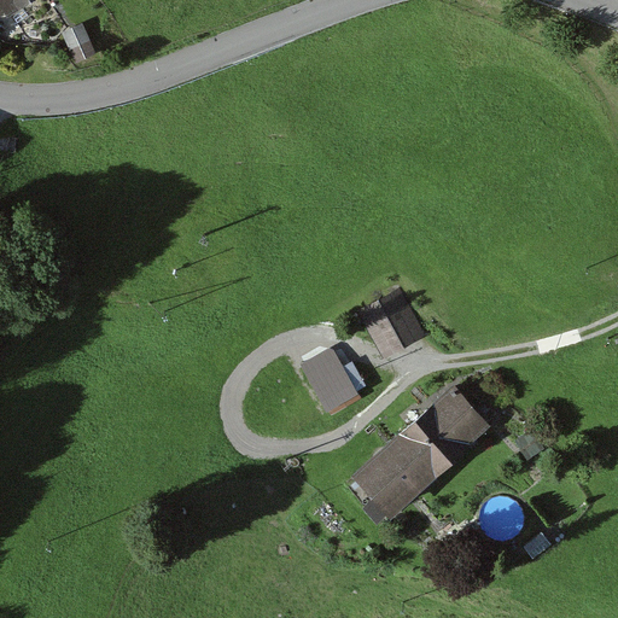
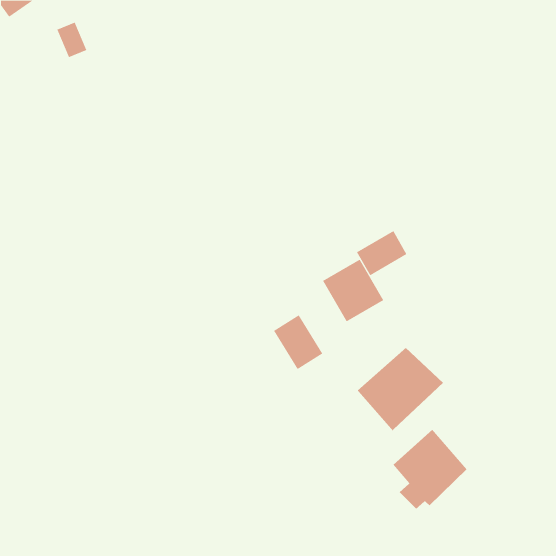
building: none -> [356,230,407,276]
building: [352,435,436,524] -> [392,429,467,509]

